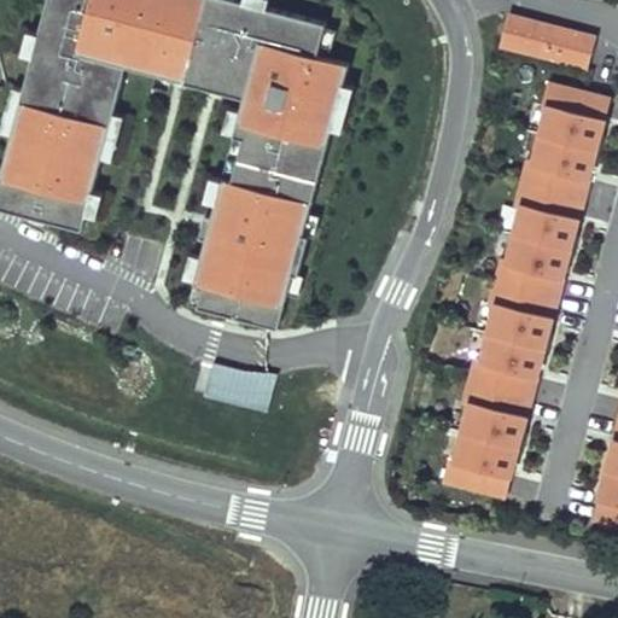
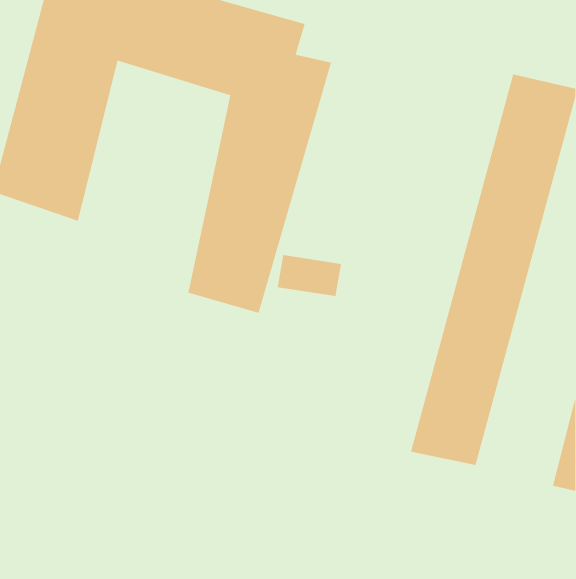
building: [501,11,593,69] -> none
building: [204,361,273,406] -> [277,255,342,297]

